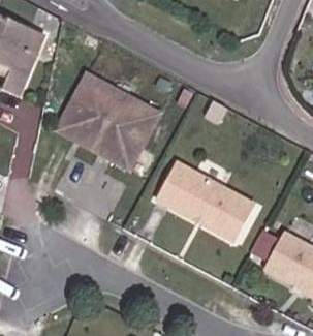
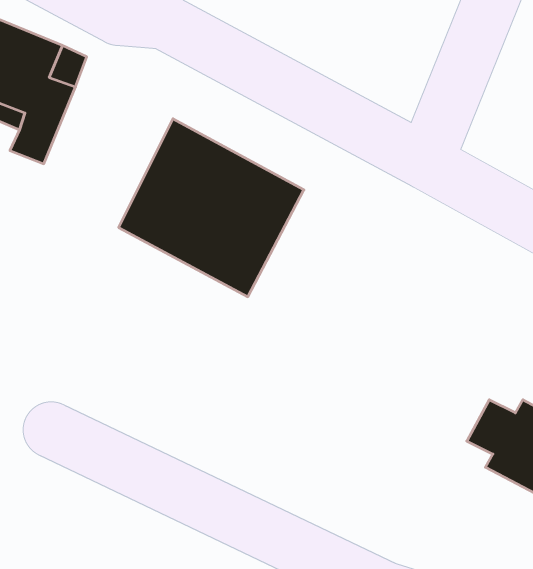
building: [164,166,261,245] -> none

